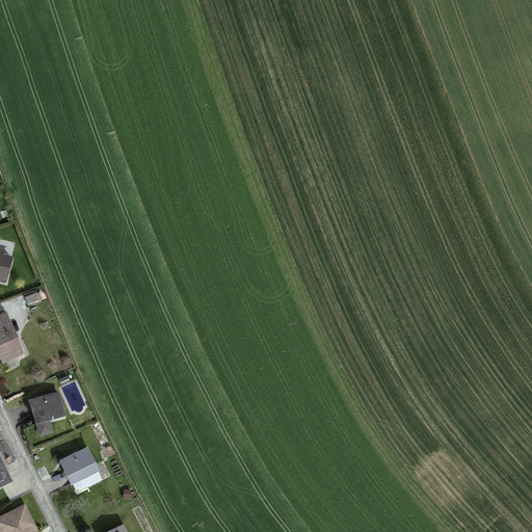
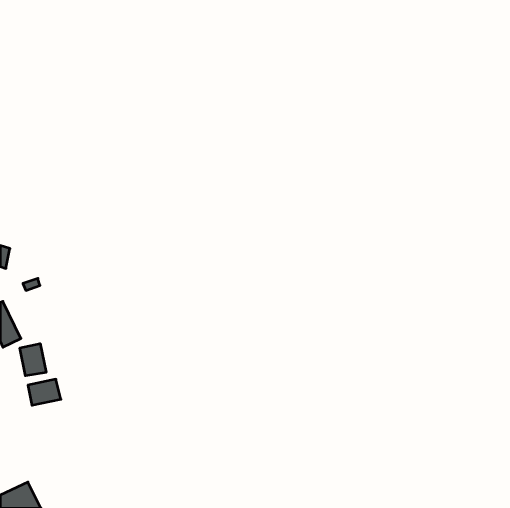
building: none -> [20,344,46,376]
building: [59,451,96,483] -> none

